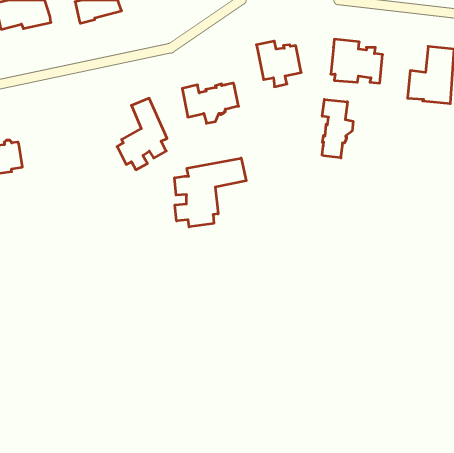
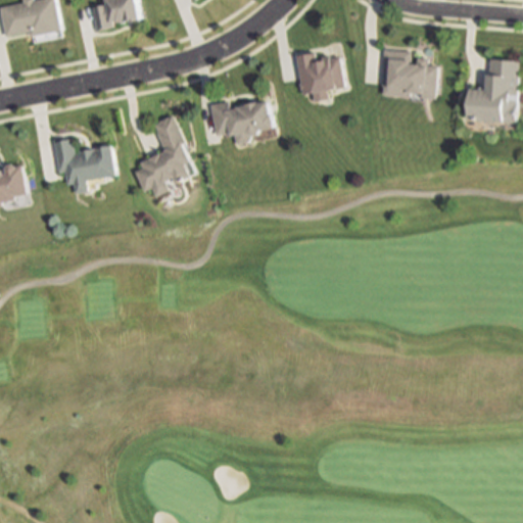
building: [322,99,353,158] -> none
building: none -> [51,140,113,194]
building: [175,158,246,227] -> none

